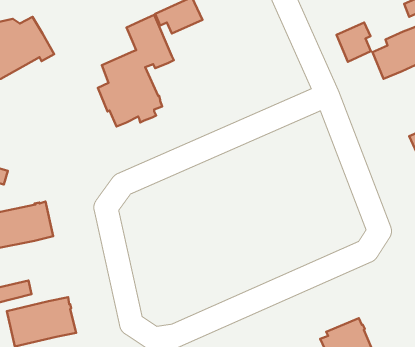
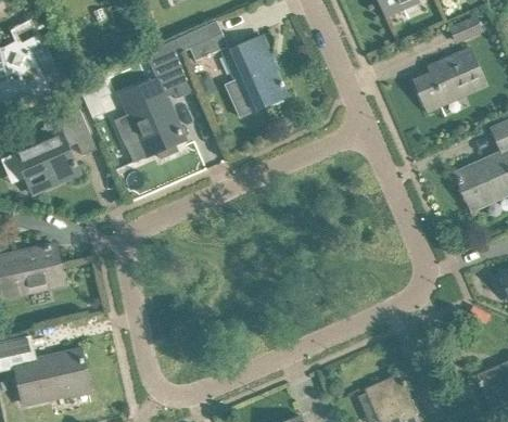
building: none -> [224,36,285,116]
building: [336,23,371,62] -> none
building: none -> [14,108,97,193]

